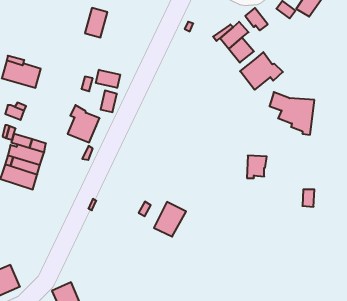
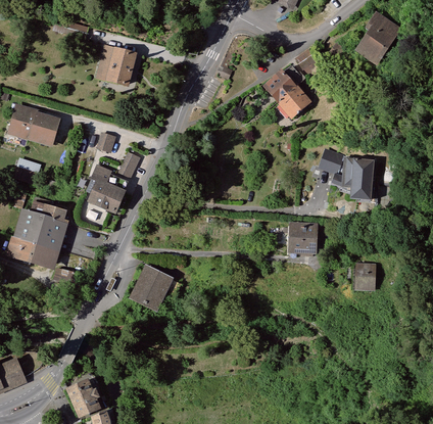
building: [240,52,283,90] -> none
building: [96,70,120,88] -> none
building: [154,202,186,237] -> [136,268,174,309]

